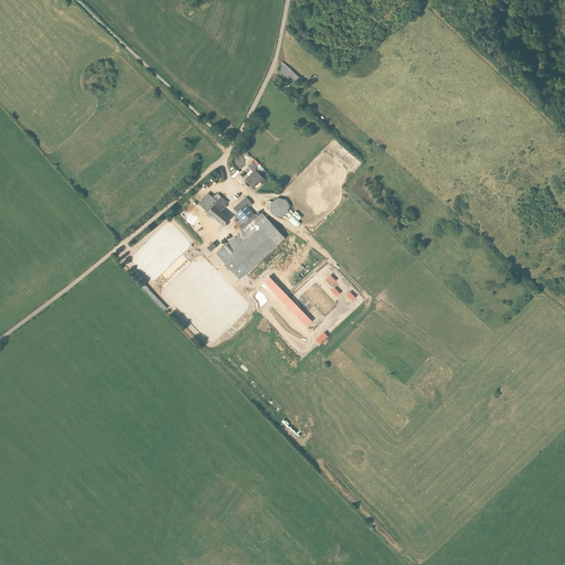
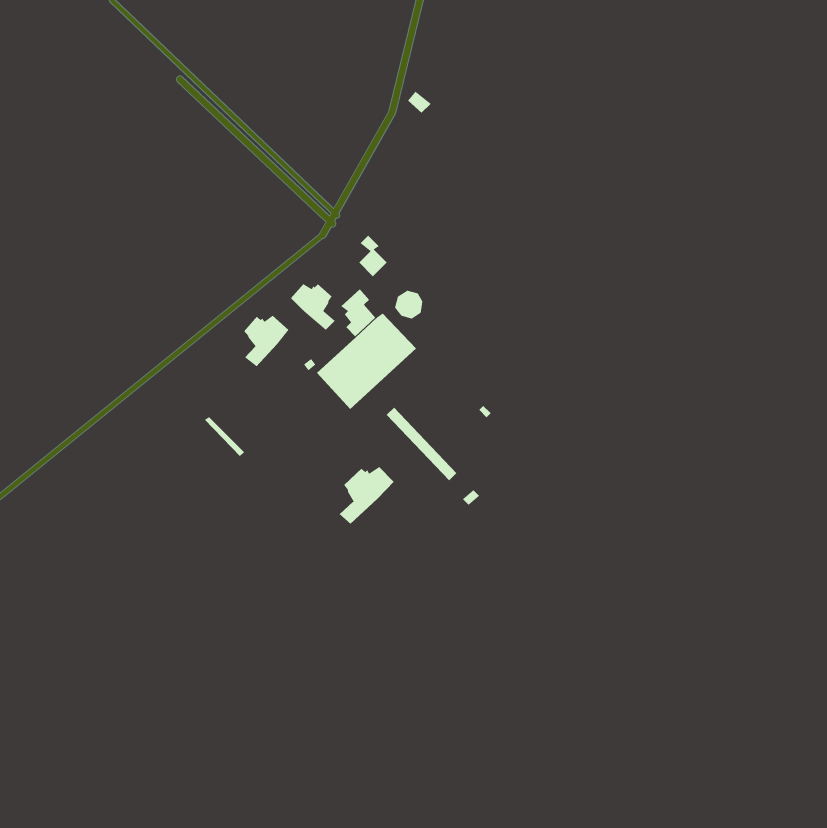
building: none -> [243,315,289,367]
building: none -> [339,466,394,525]

